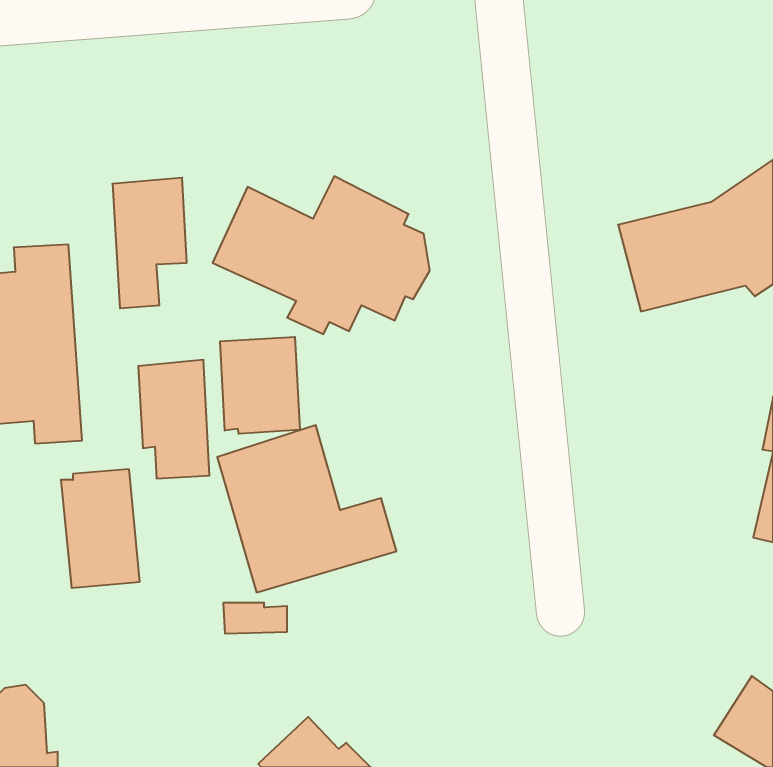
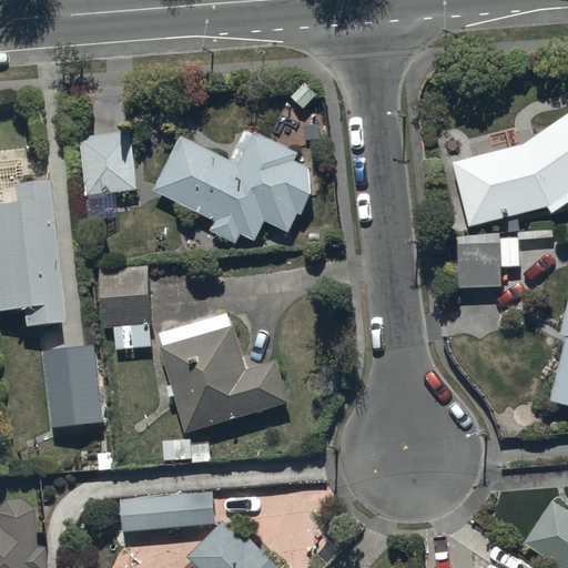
building: none -> [457,239,517,288]
building: [220,337,300,434] -> none
building: none -> [121,491,215,531]

